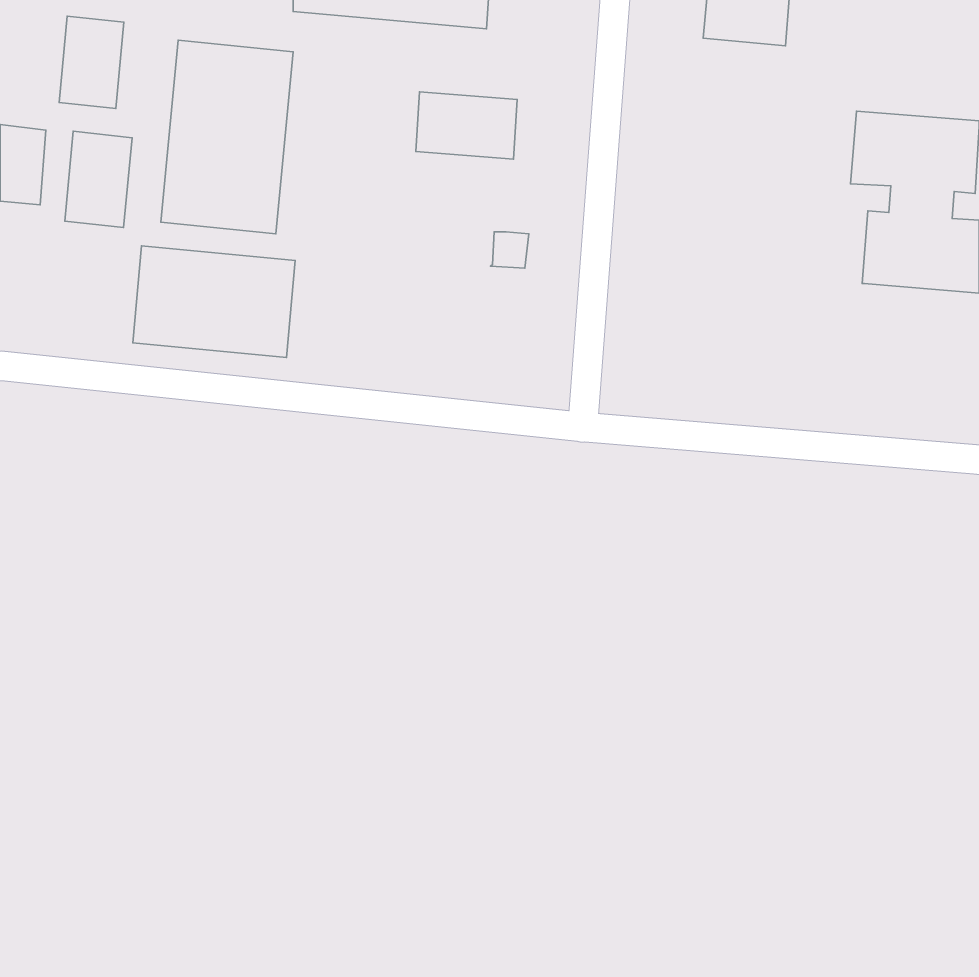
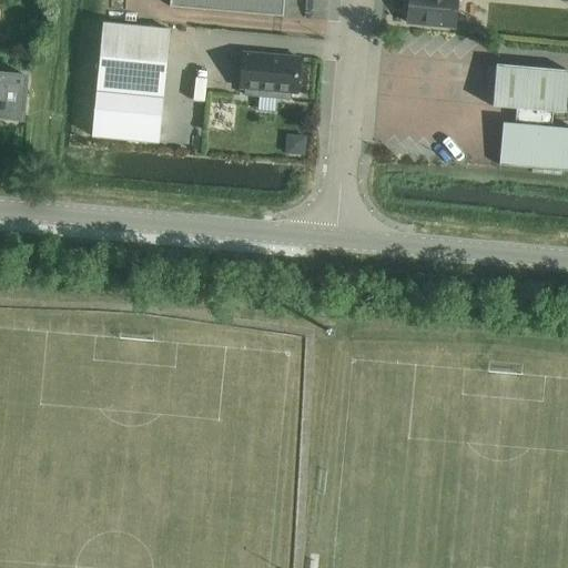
building: [59,16,124,108] -> none
building: [65,131,132,228] -> none
building: [133,246,295,357] -> none

